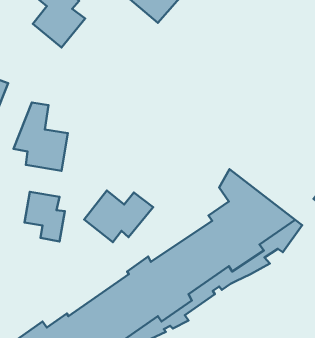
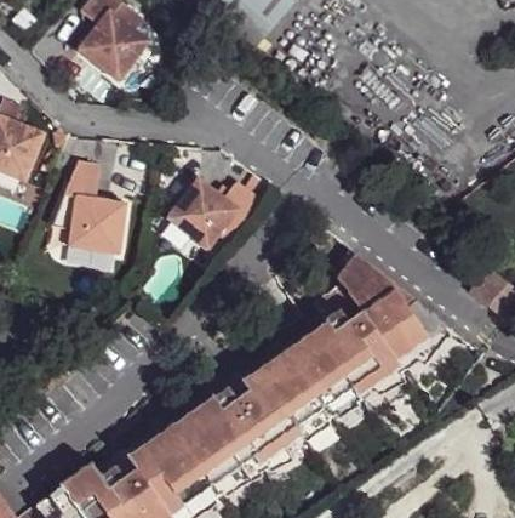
building: [84,191,153,242] -> [166,176,262,247]
building: [25,192,65,242] -> none

